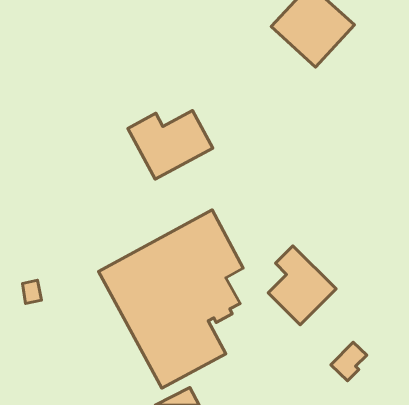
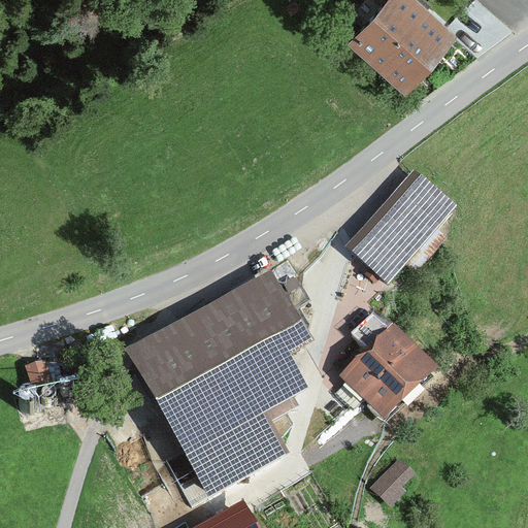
building: [128,111,213,179] -> none
building: none -> [346,168,457,283]
building: [331,342,367,381] -> [370,455,417,504]

